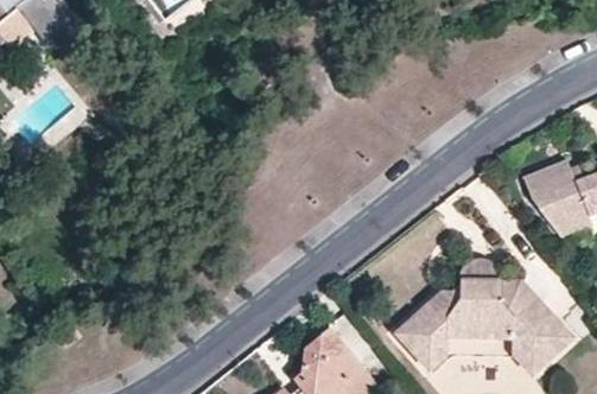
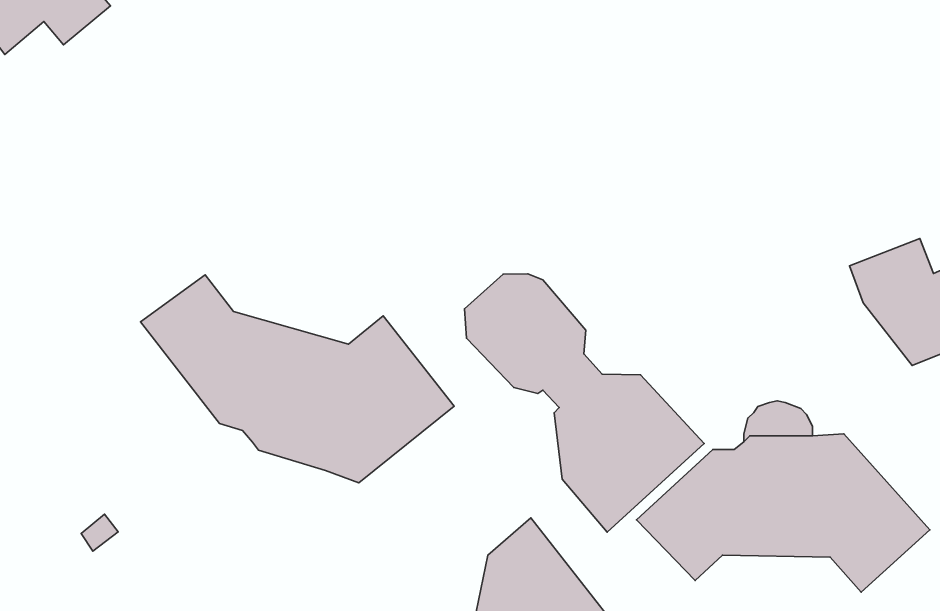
building: none -> [464,274,704,532]
building: none -> [140,275,454,483]

